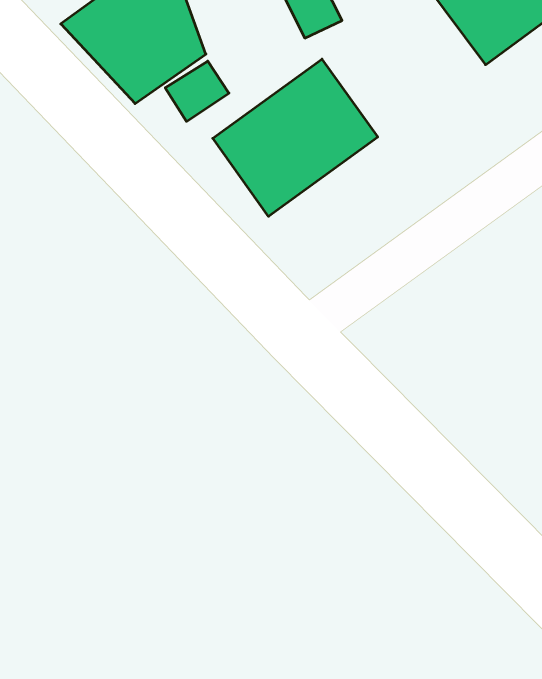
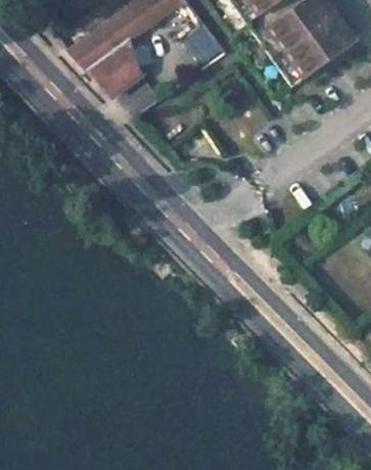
building: [213,59,378,216] -> none

